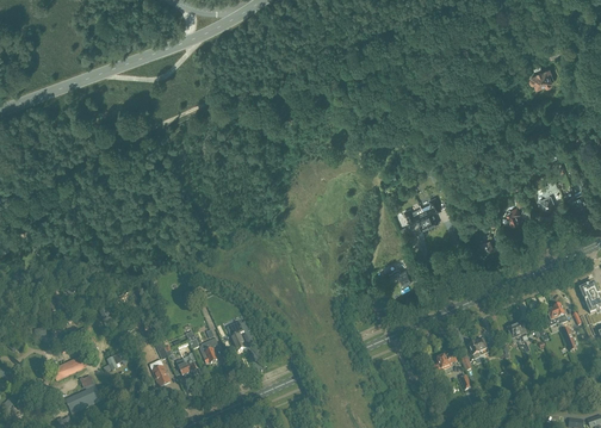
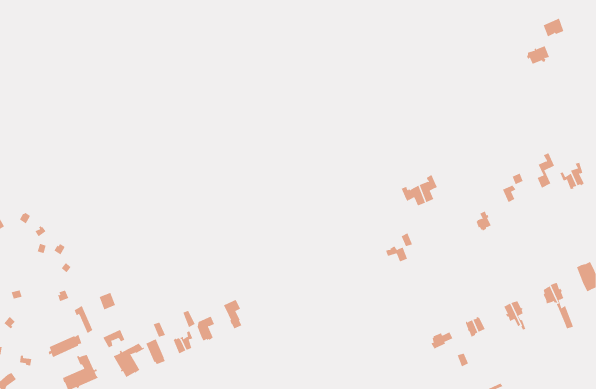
building: none -> [113,343,145,378]

